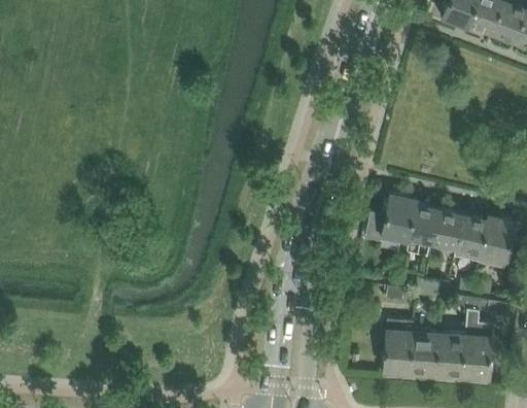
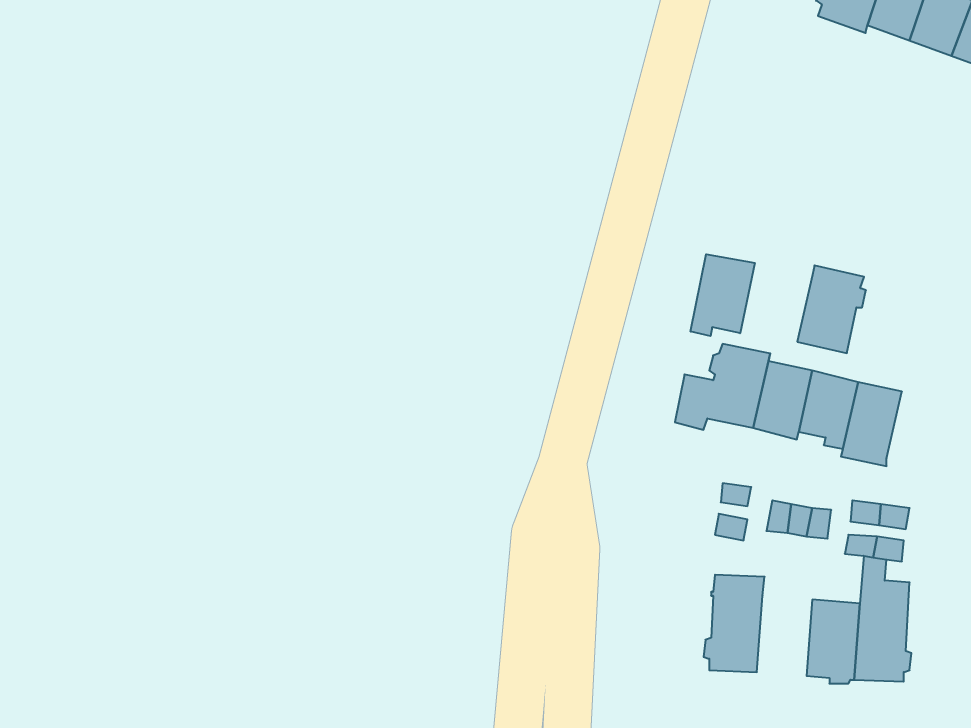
building: none -> [691,254,755,336]
building: [480,215,517,263] -> [797,265,866,353]
building: [410,331,440,376] -> none

